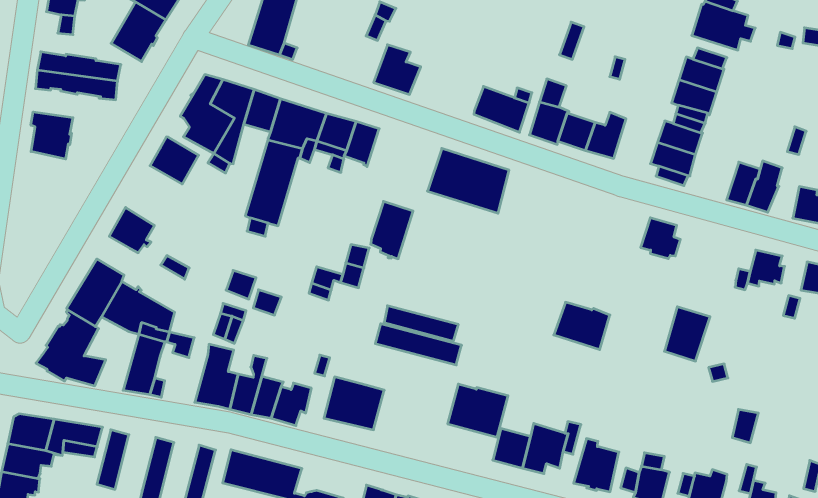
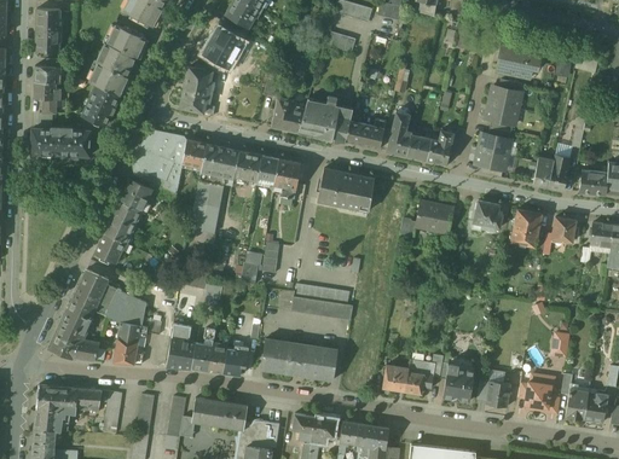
building: none -> [299,95,353,140]
building: [31,112,73,159] -> none
building: none -> [104,201,143,243]
building: [371,201,413,259] -> [273,158,301,198]
building: [554,302,610,350] -> [415,203,453,234]
building: [664,307,710,361] -> [511,210,542,248]
building: [448,384,508,437] -> [296,344,337,379]

